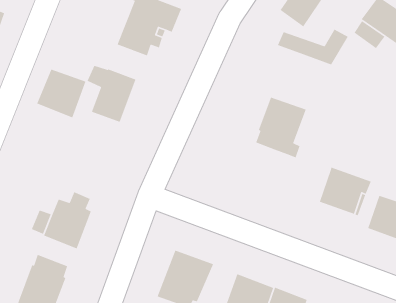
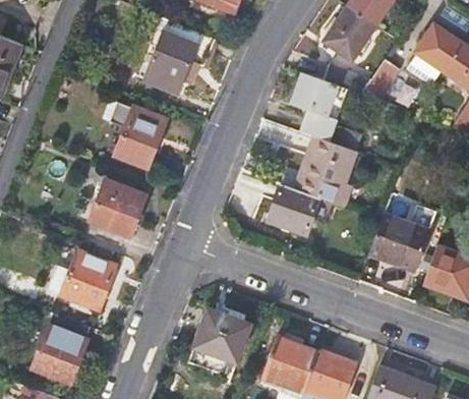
building: none -> [291,73,361,152]
building: [36,68,86,118] -> [89,179,144,235]
building: none -> [267,183,333,234]

